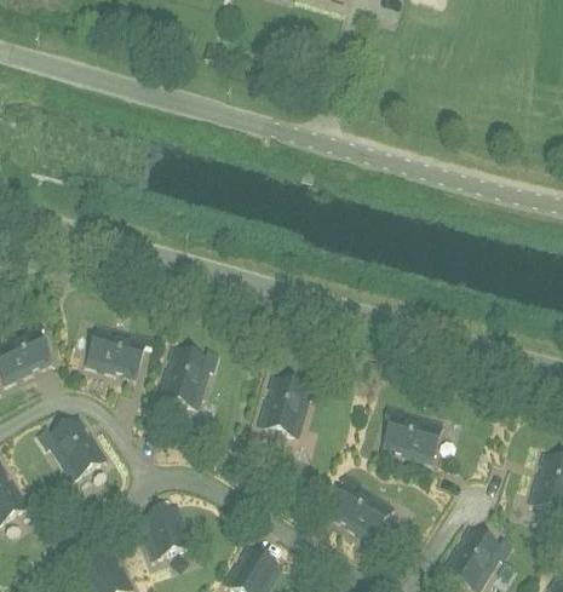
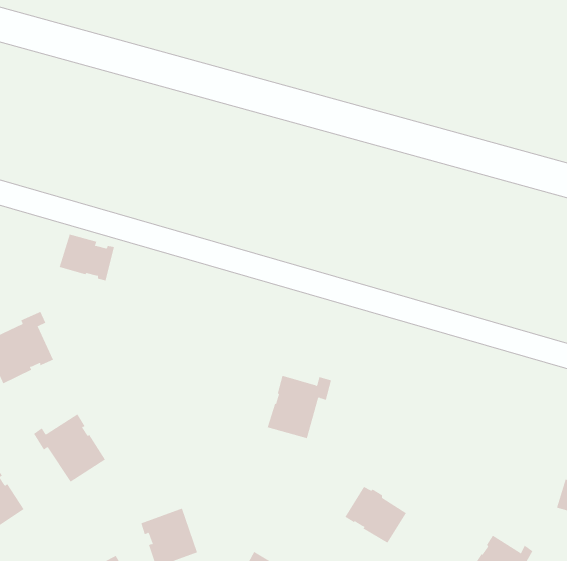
building: [90,331,143,375] -> [59,234,115,281]
building: [162,350,219,407] -> none
building: [385,402,441,461] -> none

